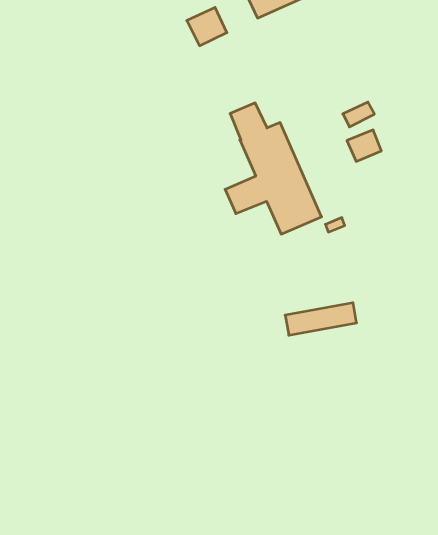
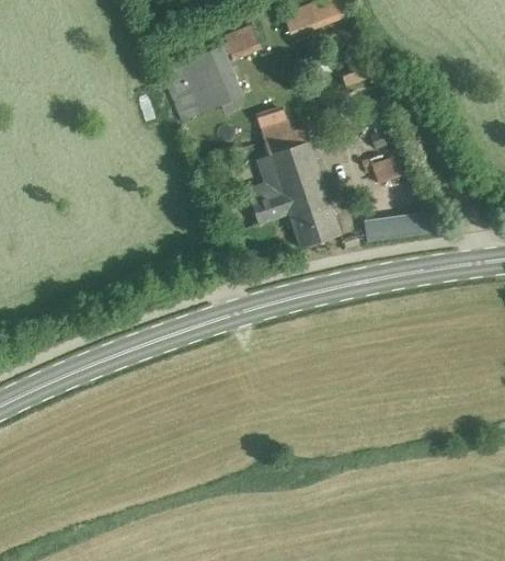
building: none -> [161,47,241,121]
building: [285,303,357,335] -> [367,210,436,238]

